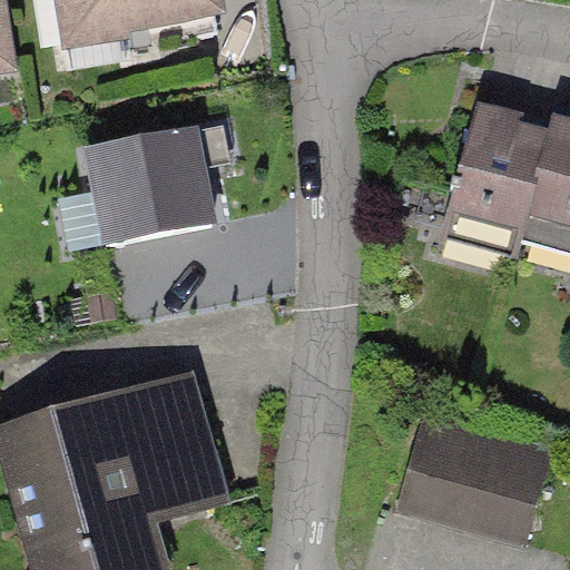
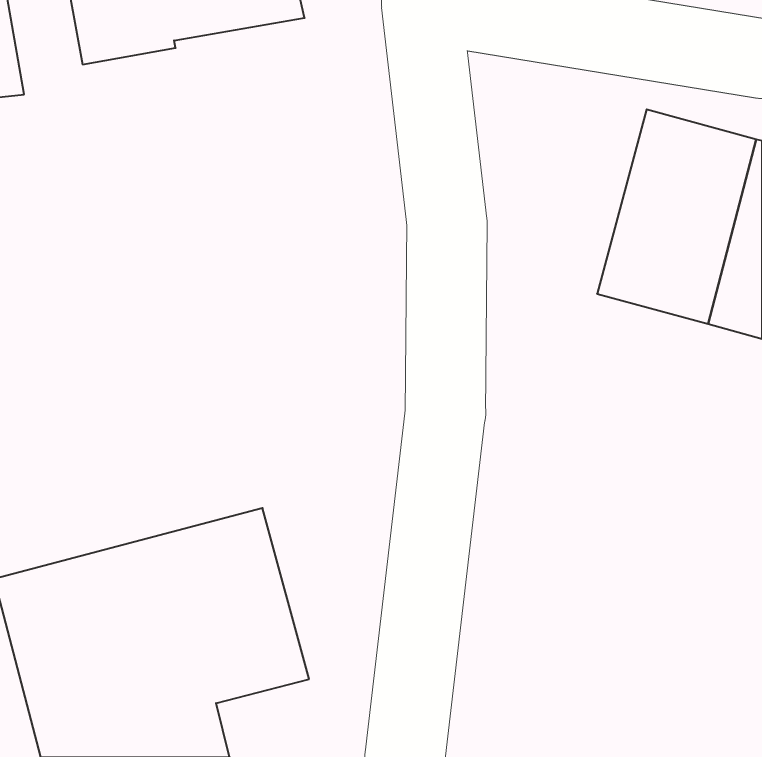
building: [82,128,217,248] -> none
building: [393,414,552,548] -> none

